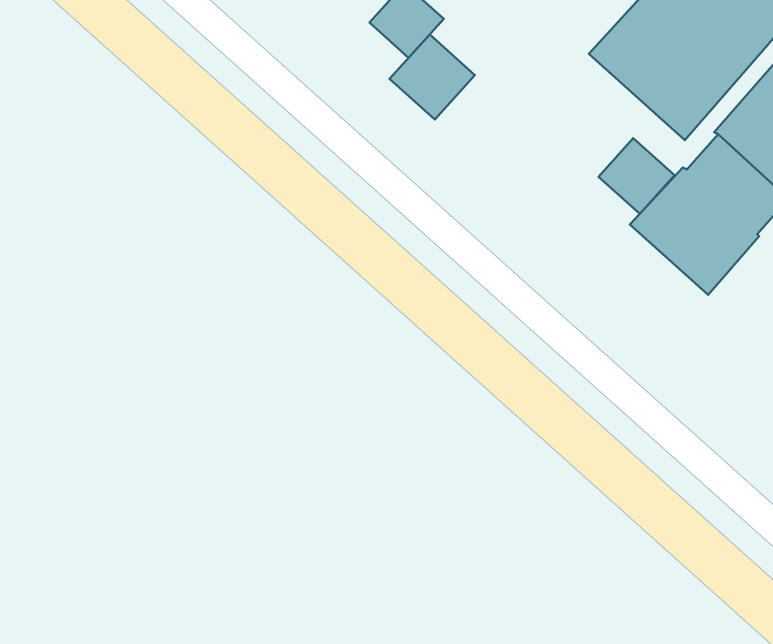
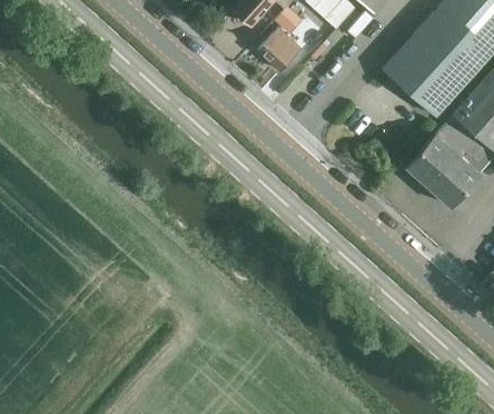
building: [390,34,475,120] -> none
building: [599,138,675,214] -> none

